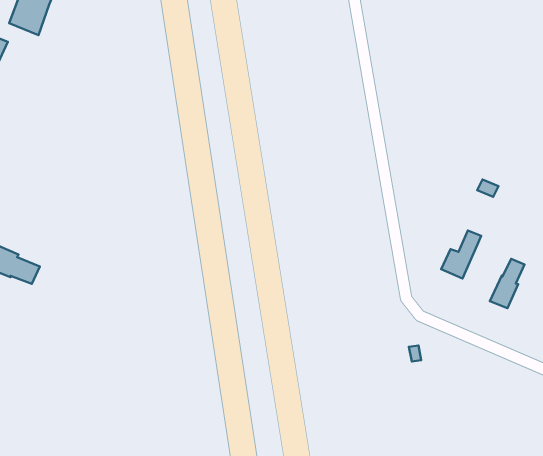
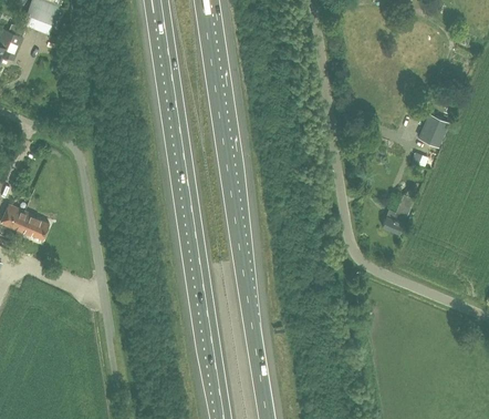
building: none -> [419,113,448,146]
building: [490,259,525,308] -> none

